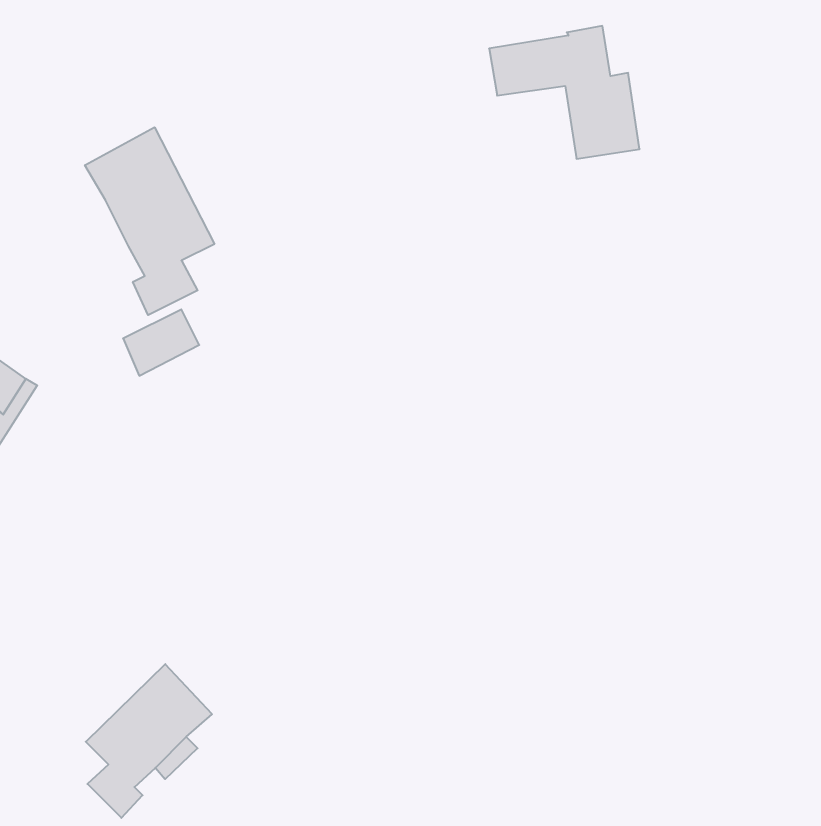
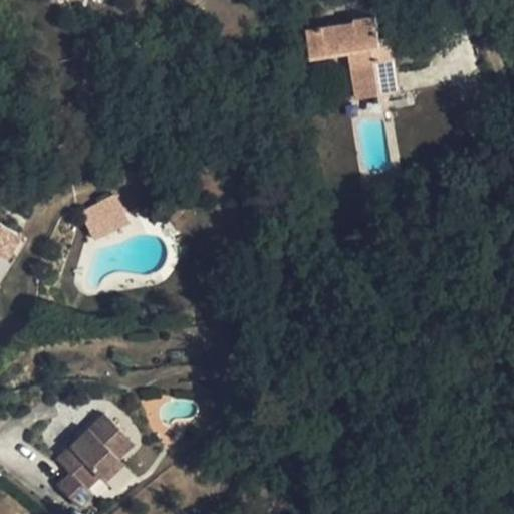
building: [85,127,214,315] -> none

